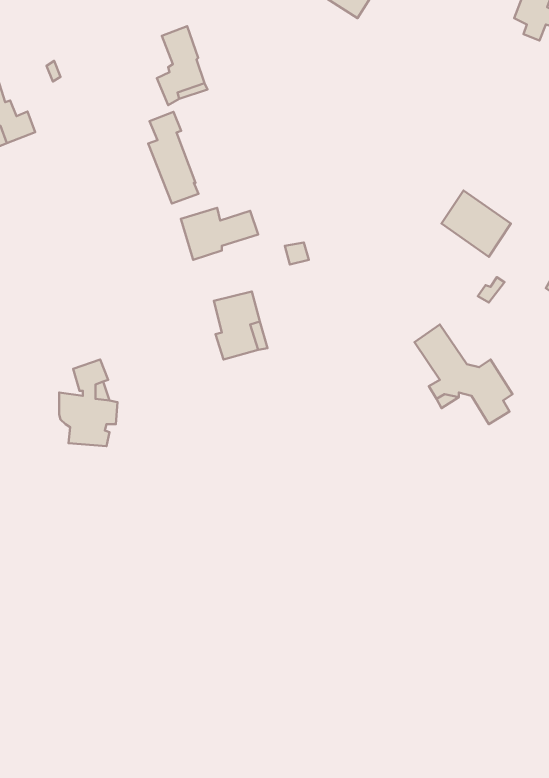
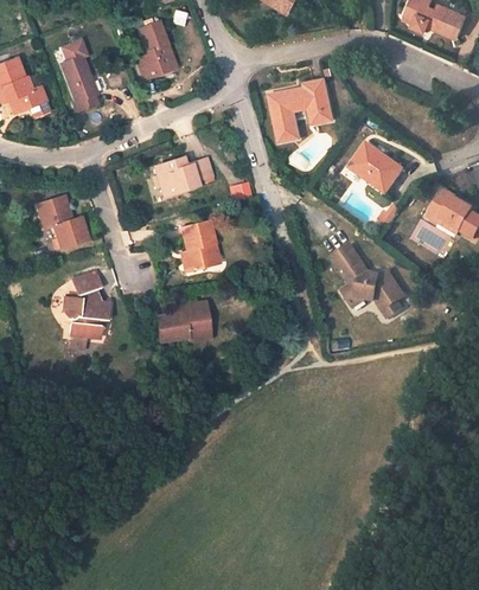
building: none -> [269,79,332,141]
building: [148,112,199,203] -> [60,39,98,108]
building: none -> [37,194,89,246]
building: none -> [155,301,210,340]

